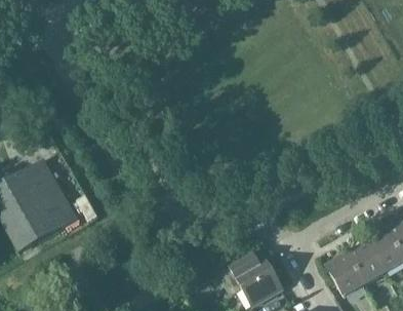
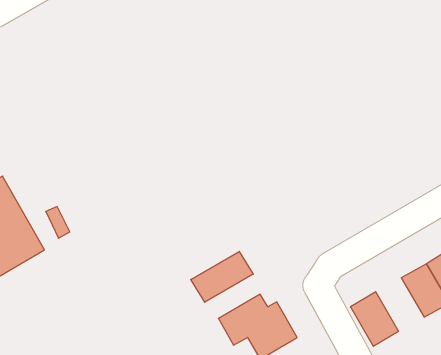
building: none -> [191,251,253,302]
building: [347,239,386,282] -> none

